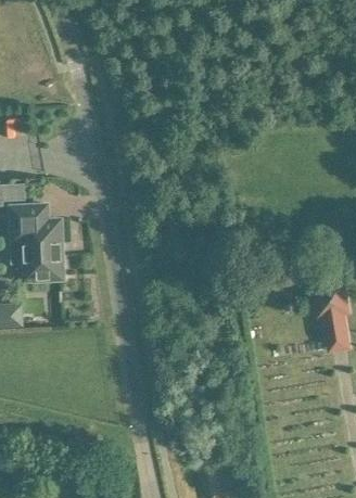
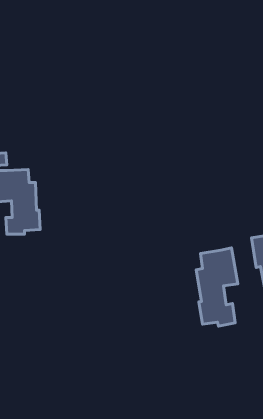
building: none -> [196,248,238,326]

